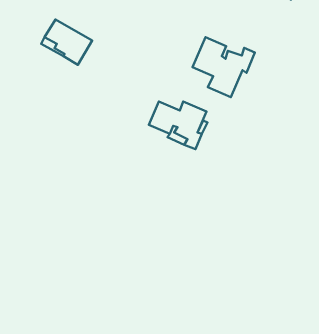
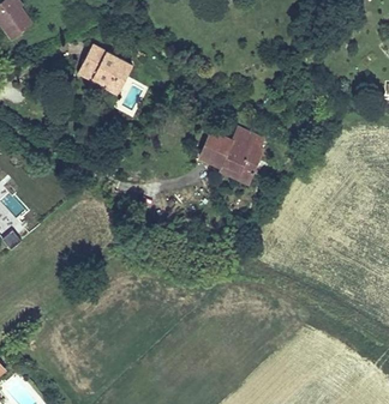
building: [193,37,255,97] -> none

